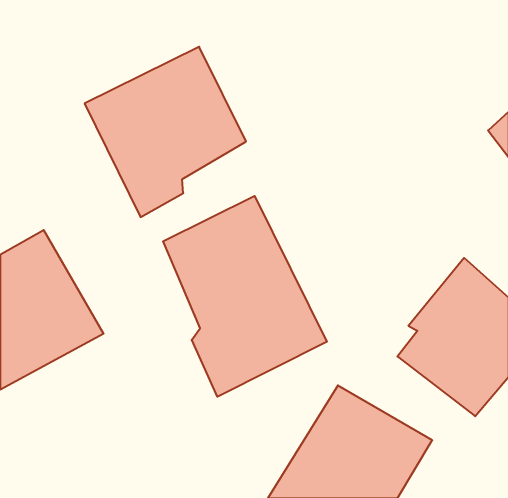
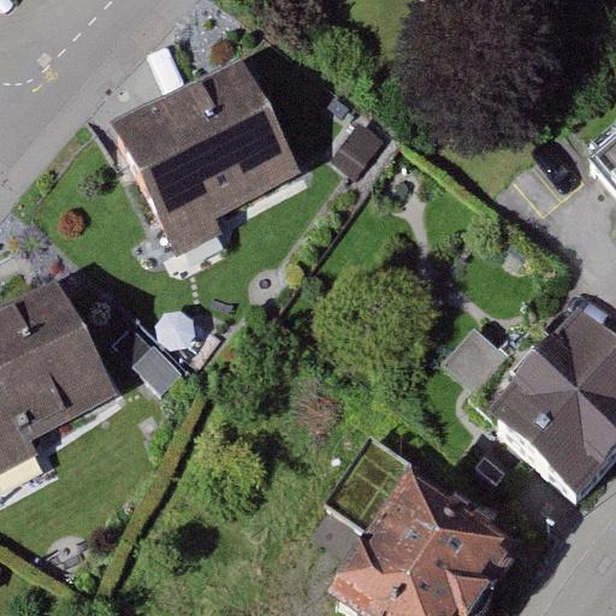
building: [163,196,327,397] -> none

